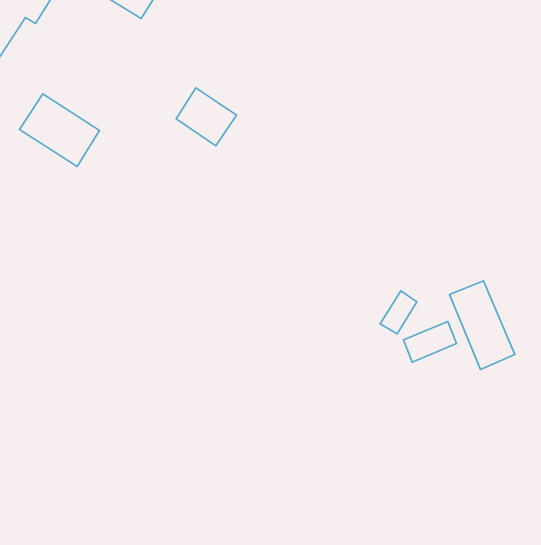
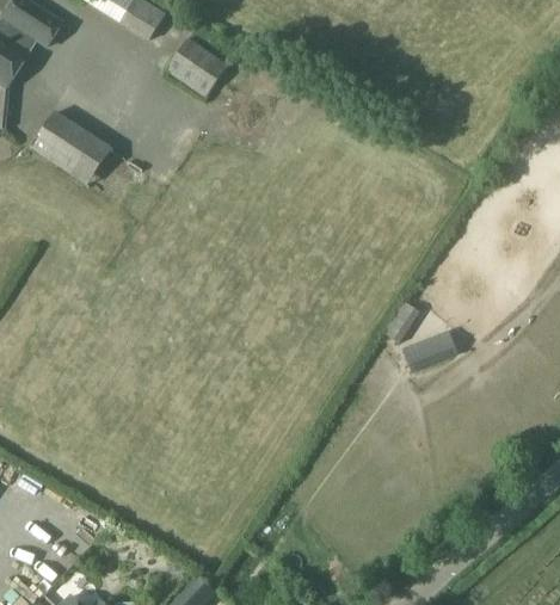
building: [176,88,237,146] -> [168,37,227,93]
building: [449,281,515,369] -> none

